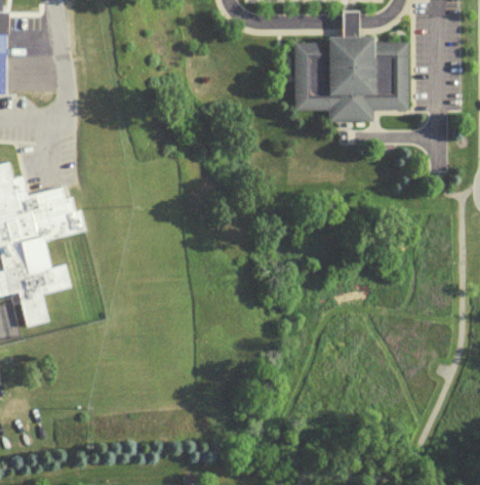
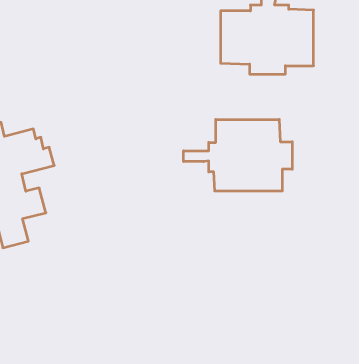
building: none -> [184,119,292,191]

